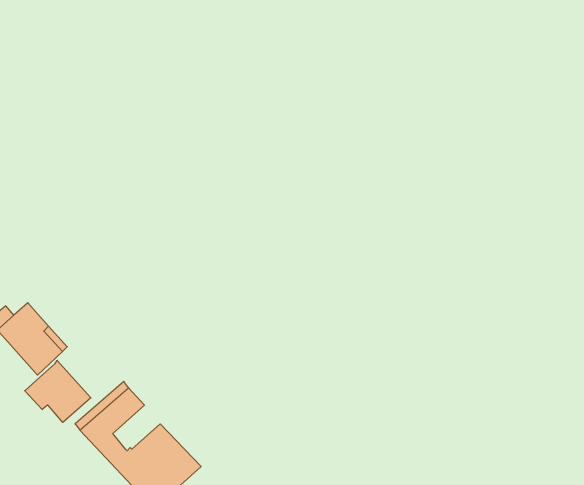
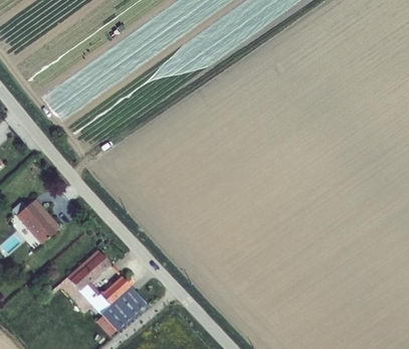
building: [25,360,91,422] -> none

